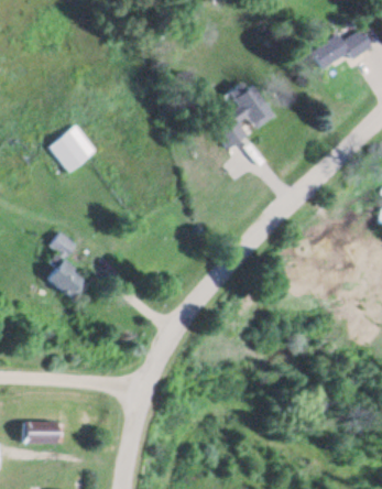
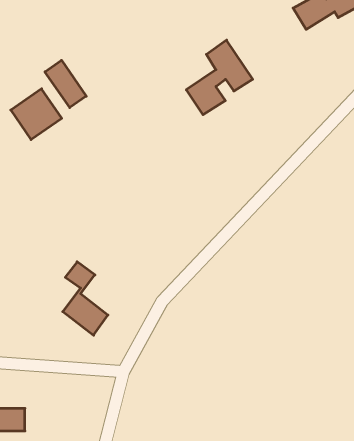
building: none -> [45,60,86,108]
building: [46,231,88,300] -> [63,262,108,335]

